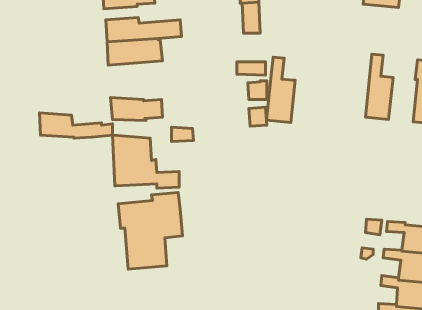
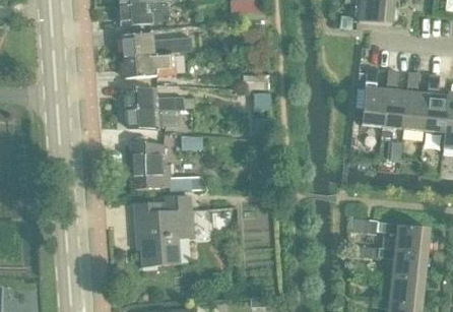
building: [266,57,295,122] -> [382,69,408,129]
building: [39,113,113,138] -> [126,86,193,110]

